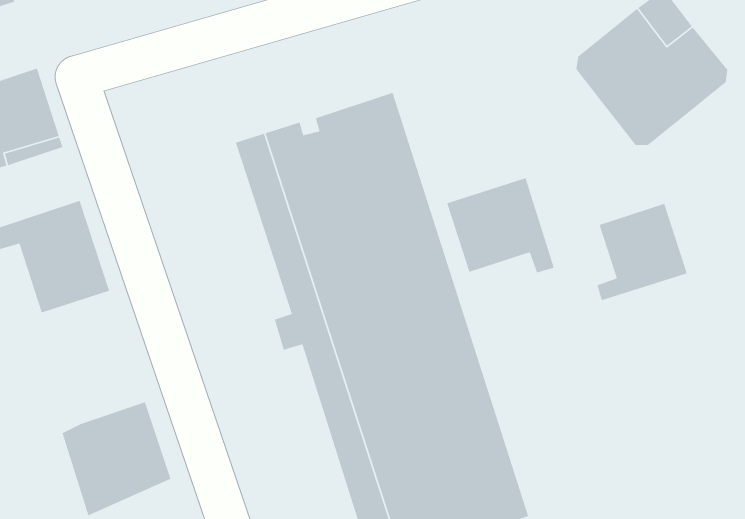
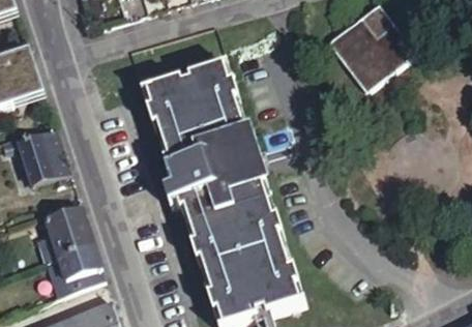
building: [446,177,555,273] -> none
building: [597,203,688,301] -> none
building: none -> [39,206,90,249]

